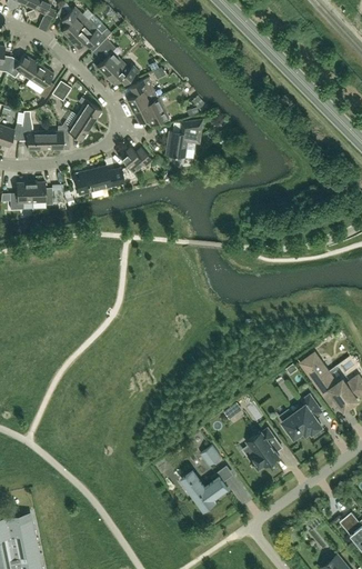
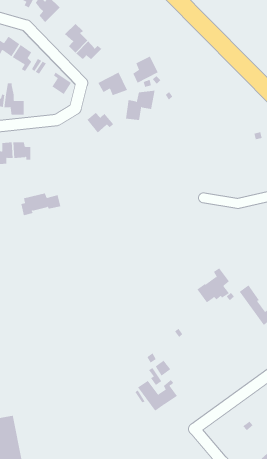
building: [69,20,108,51] -> none
building: [127,78,158,111] -> [133,56,158,84]
building: [44,116,92,150] -> none
building: [76,167,124,194] -> [20,193,61,216]
building: [282,395,322,438] -> [197,267,230,303]
building: [247,428,279,471] -> none

